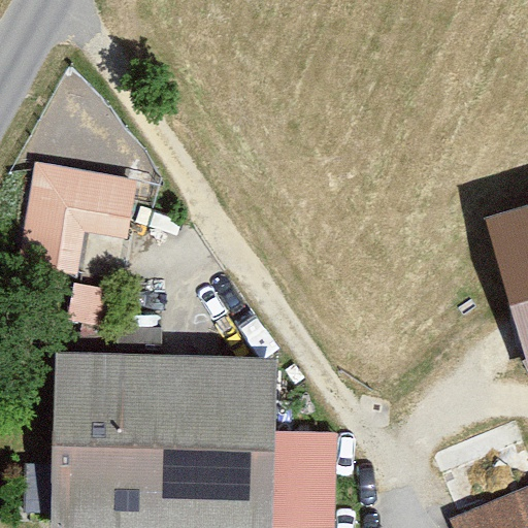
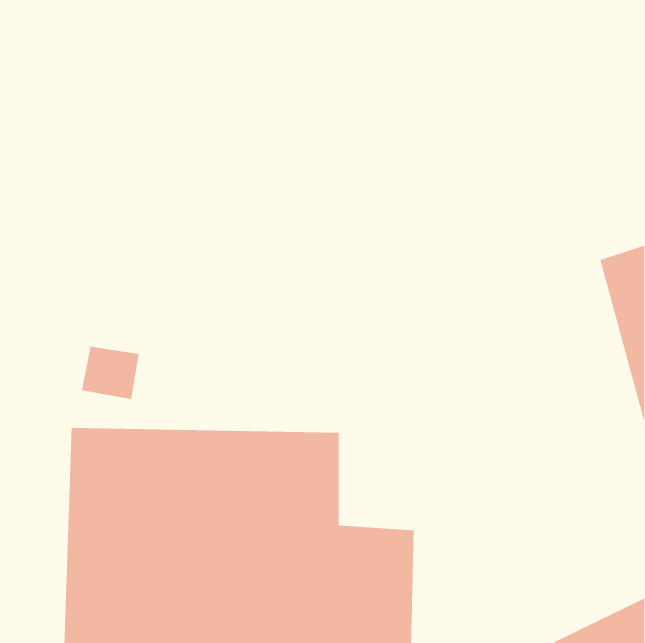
building: [19,164,136,274] -> none

